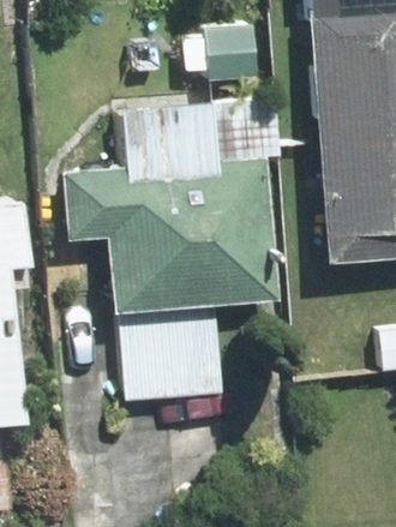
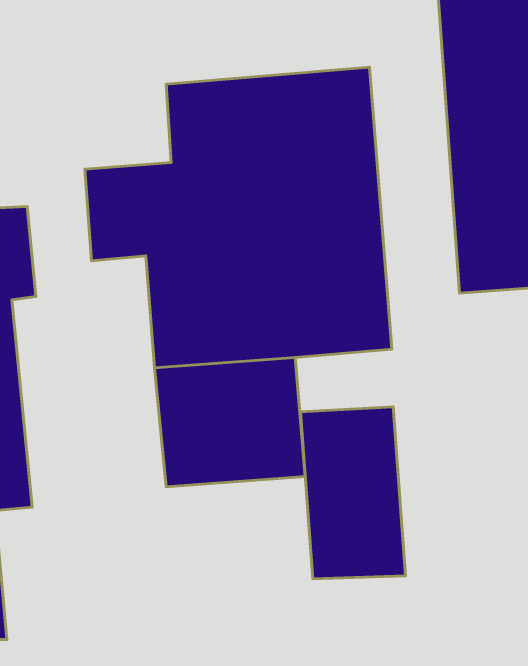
building: none -> [301,407,406,579]

